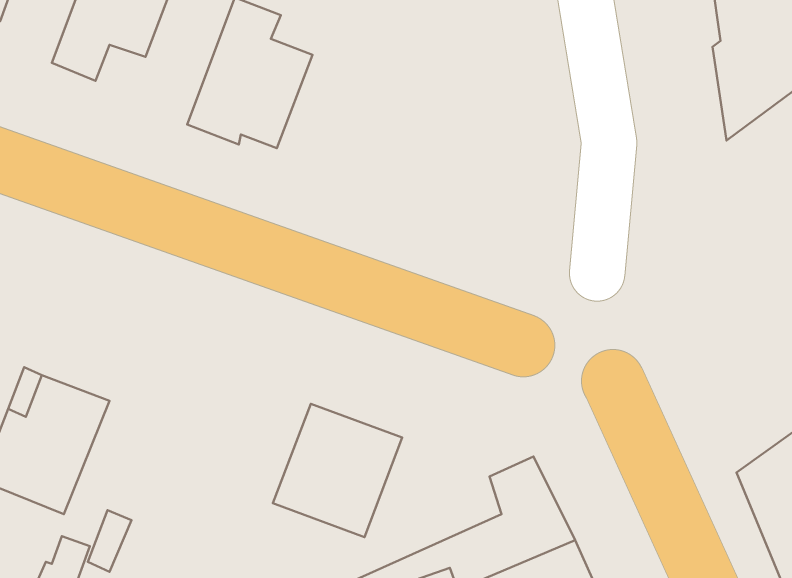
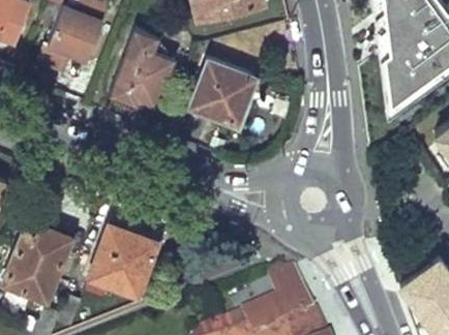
building: none -> [191,61,256,123]
building: [273,404,402,537] -> [92,225,159,295]

